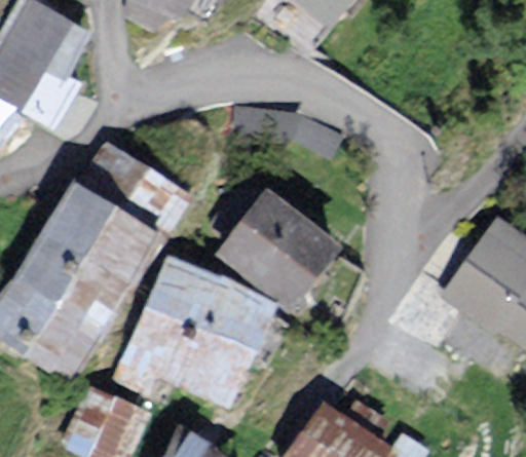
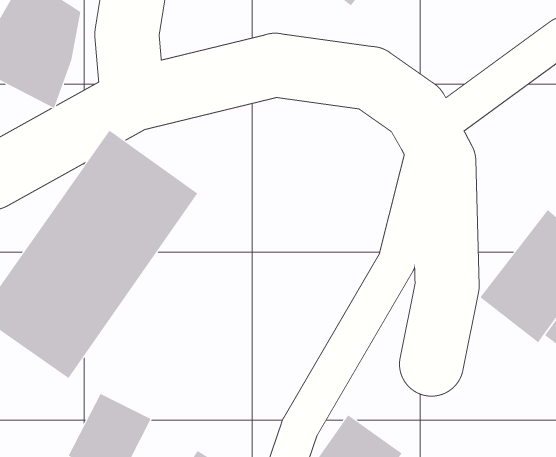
building: [214,182,330,296] -> none
building: [108,256,277,415] -> none

